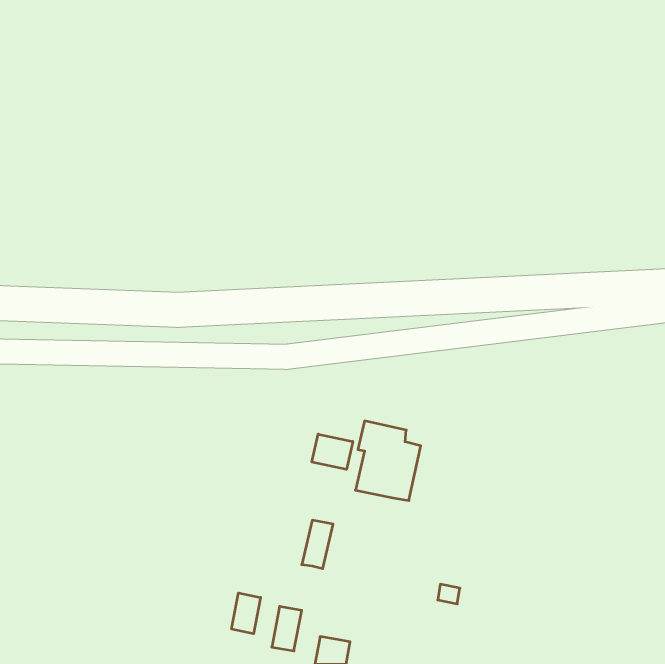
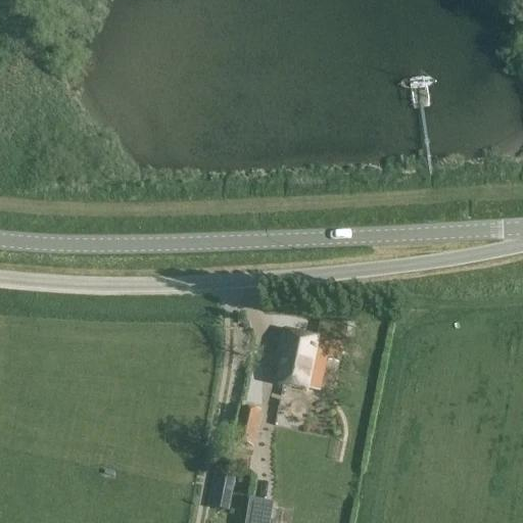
building: [312,434,353,469] -> none
building: [232,593,261,634] -> none

